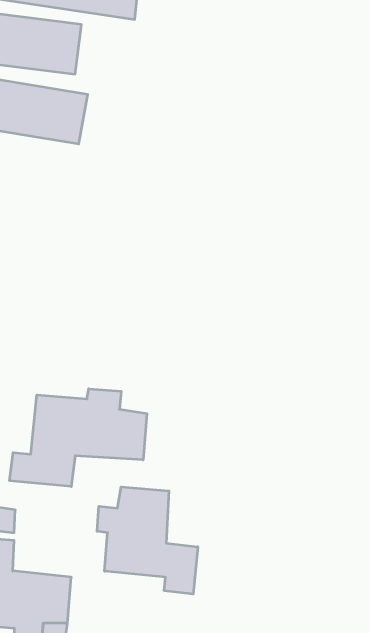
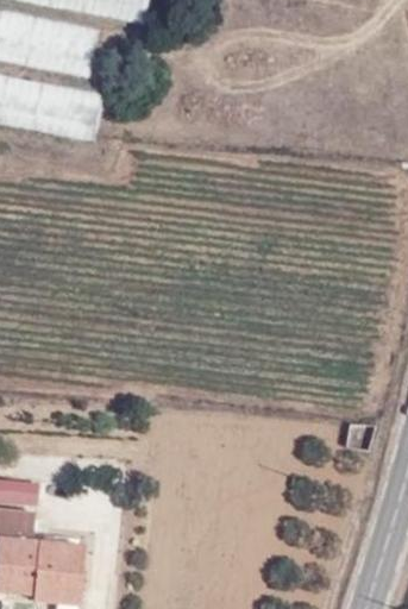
building: [10,389,147,487] -> none
building: [97,487,198,594] -> none

